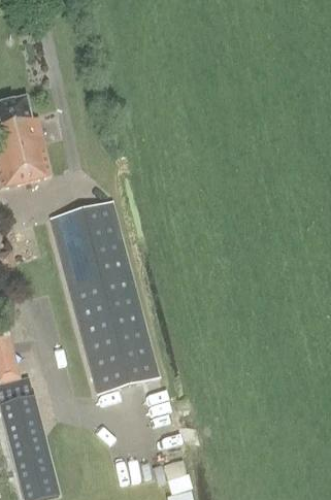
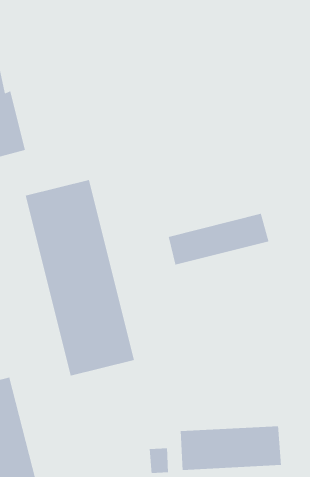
building: none -> [168,213,270,265]
building: none -> [180,425,282,471]

